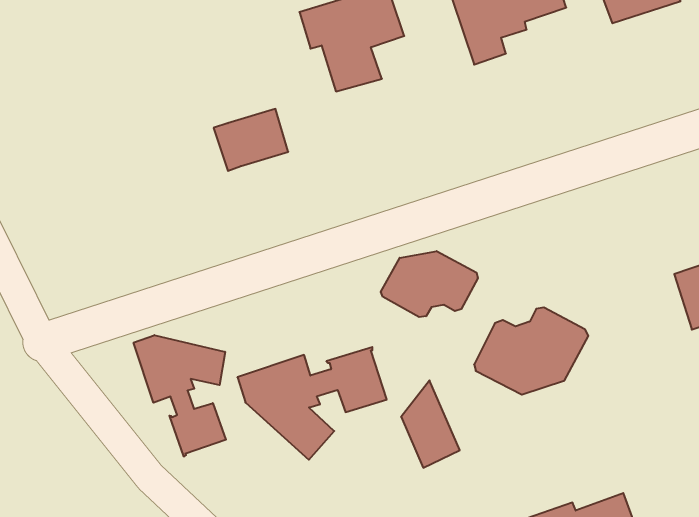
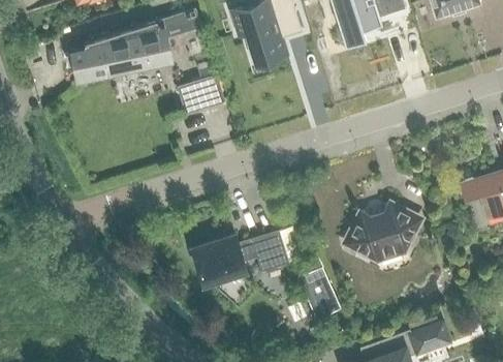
building: none -> [69,9,200,82]
building: [381,251,478,317] -> none
building: [134,335,226,457] -> none

